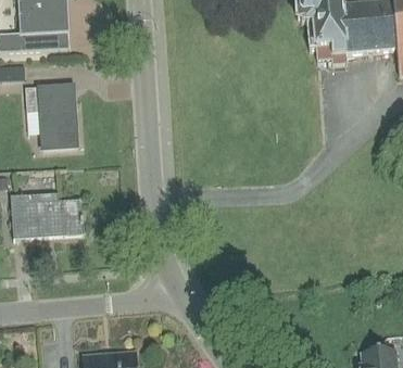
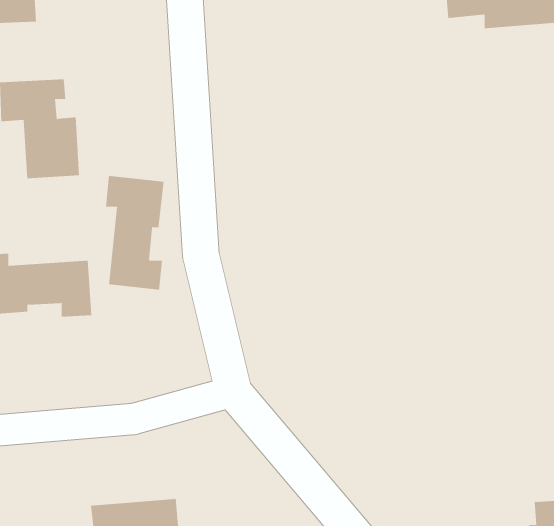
building: none -> [105,175,164,291]

